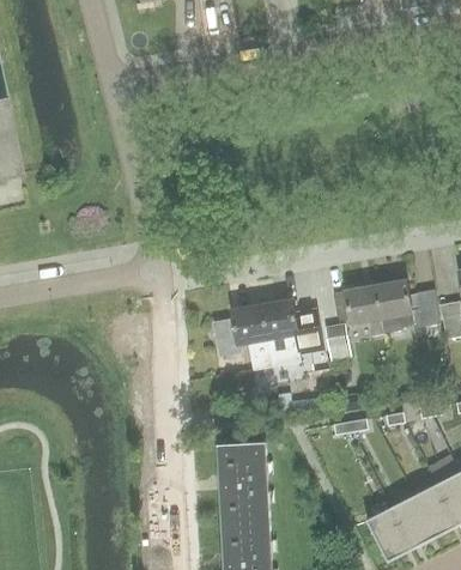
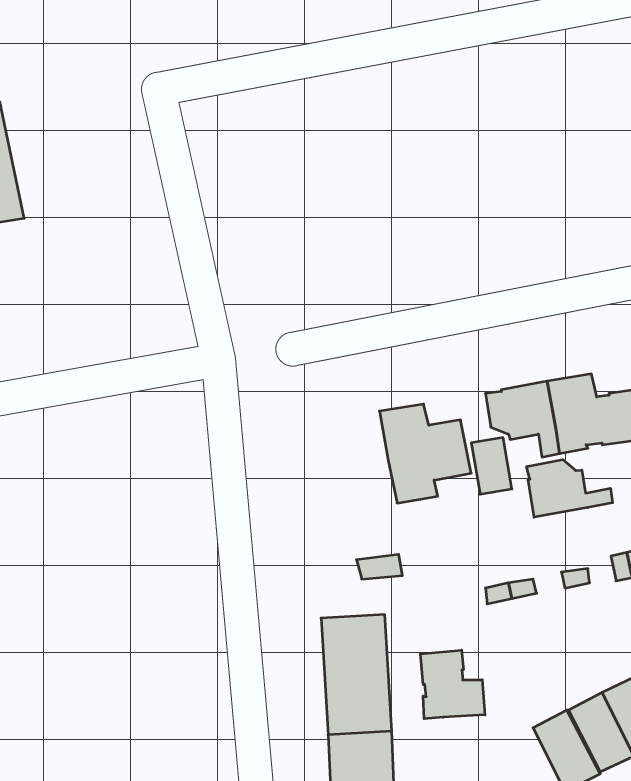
building: [213,304,273,370] -> none
building: none -> [527,460,613,517]
building: none -> [420,650,485,719]

